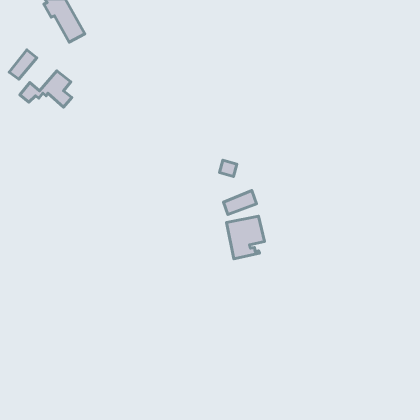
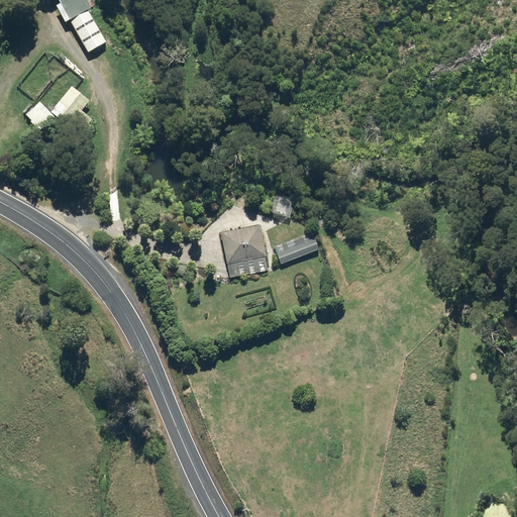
building: [9,50,37,79] -> none
building: [226,216,264,259] -> [221,224,268,277]

